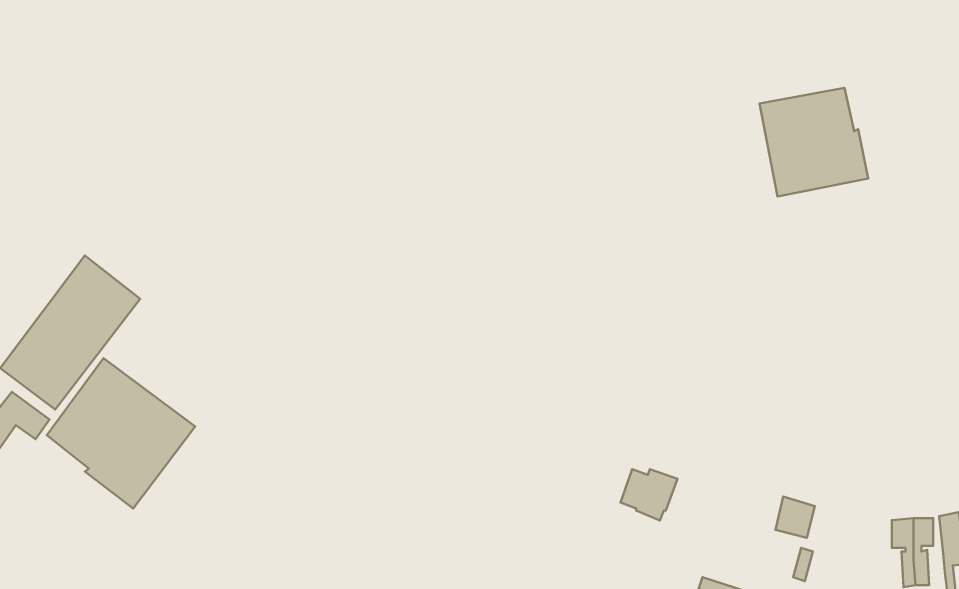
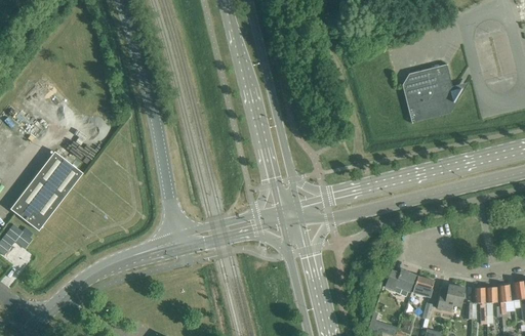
building: [47,358,195,508] -> none
building: [620,469,678,520] -> [386,269,415,296]
building: none -> [437,285,465,311]

